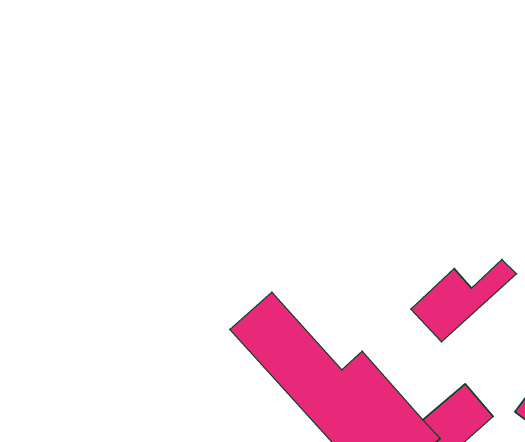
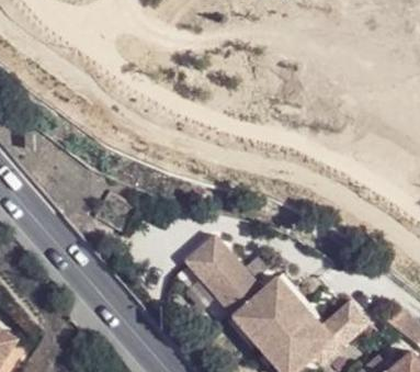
building: [411,259,517,342] -> none

